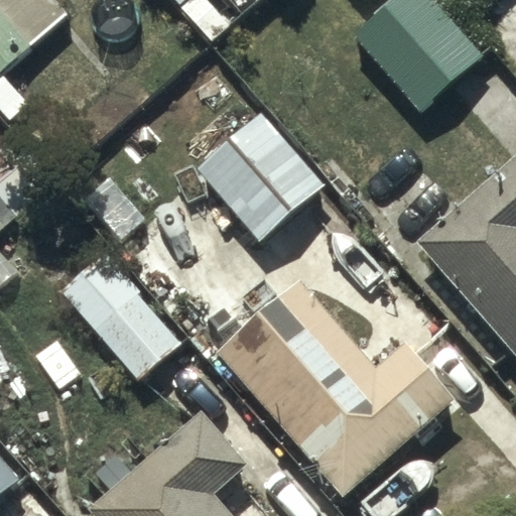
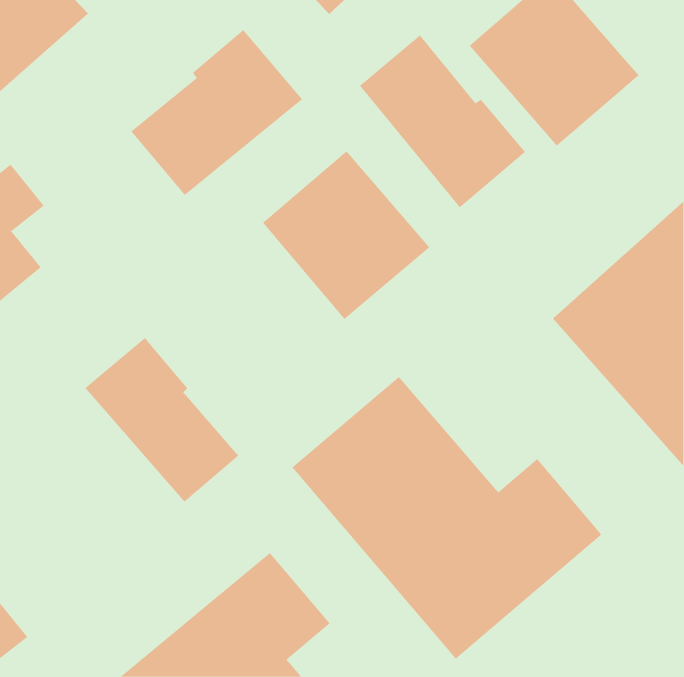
building: none -> [131,29,303,196]
building: none -> [359,35,526,208]

